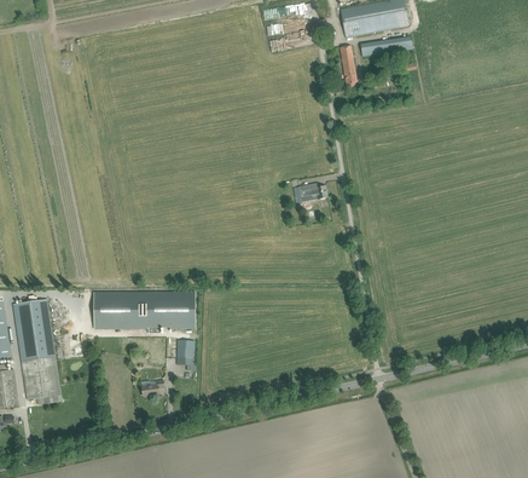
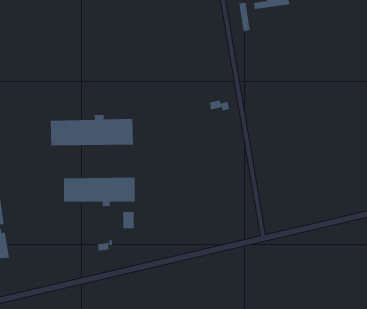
building: none -> [50,114,133,146]
building: [12,299,62,404] -> none

